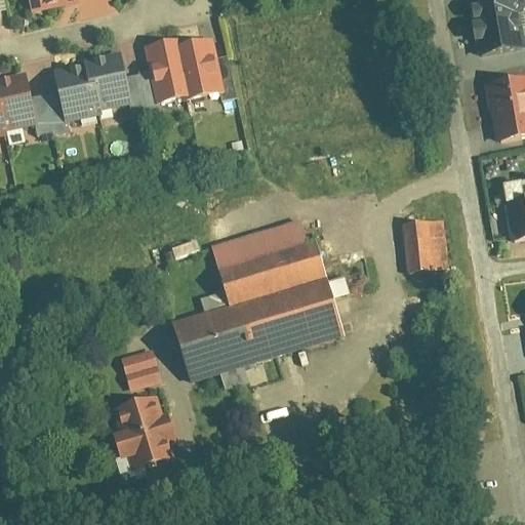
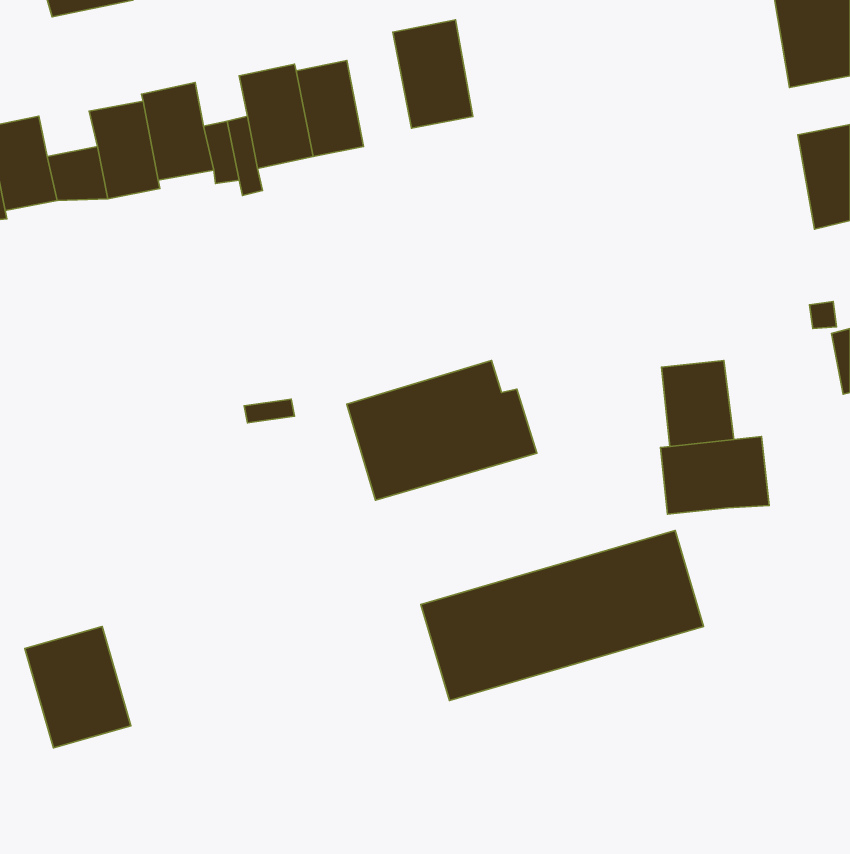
building: none -> [393,20,473,128]
building: none -> [660,437,769,514]
building: [172,276,345,379] -> [421,530,704,701]
building: [122,348,162,391] -> none
building: [111,395,175,469] -> [25,627,131,748]

